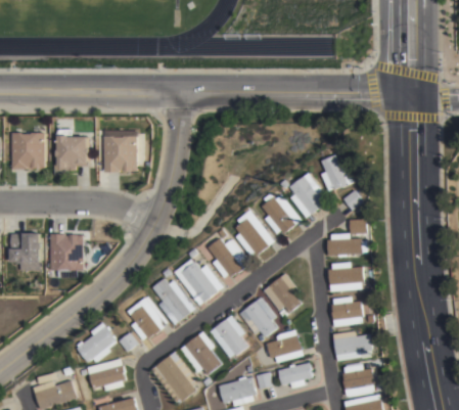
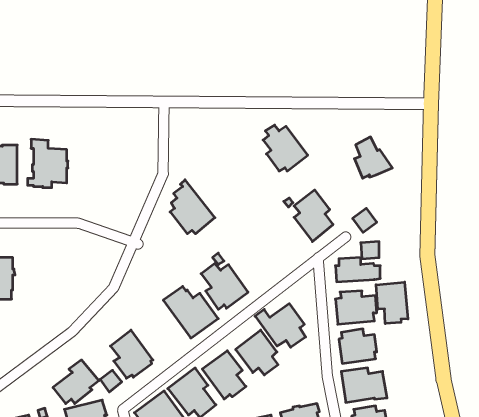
building: [104,130,137,171] -> none
building: [321,153,355,190] -> [354,137,392,178]
building: [262,192,302,233] -> [263,125,308,171]
building: [235,207,275,255] -> [170,180,215,234]
building: [49,233,83,269] -> none
building: none -> [376,282,408,324]
building: [152,277,194,324] -> none
building: [264,328,303,363] -> none

